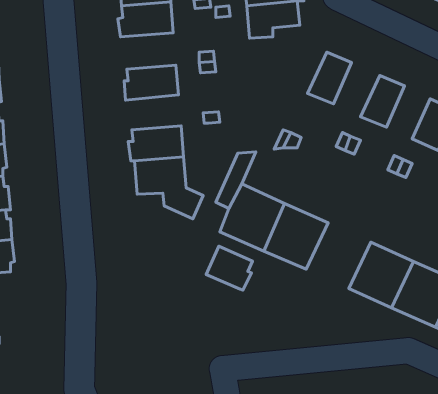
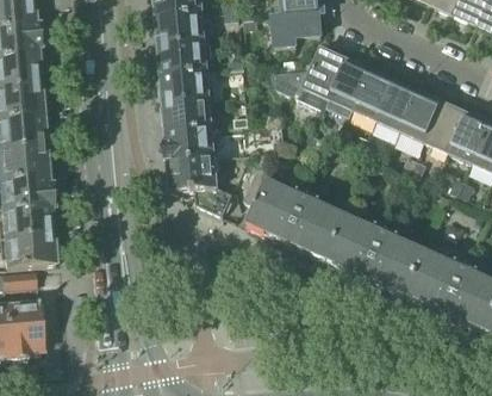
building: none -> [155,42,206,75]
building: none -> [270,48,345,109]
building: none -> [351,69,394,119]
building: none -> [400,91,441,140]
building: none -> [160,99,211,131]
building: none -> [326,217,386,278]
building: [206,246,253,290] -> none

